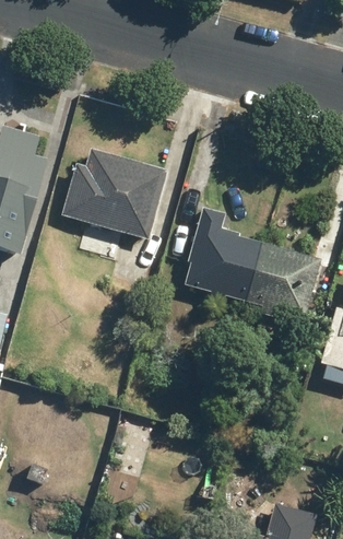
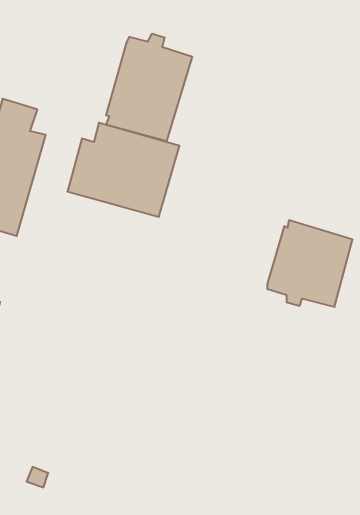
building: none -> [106,34,192,141]
building: [185,211,264,302] -> none

